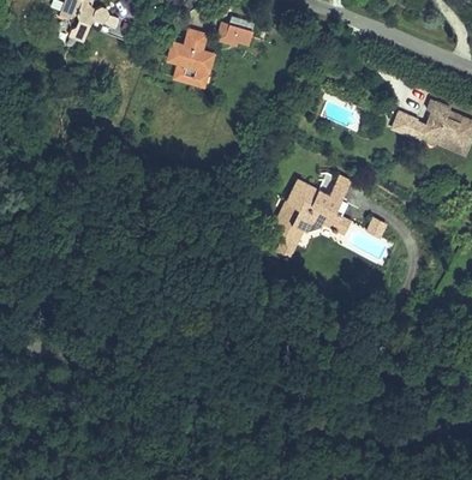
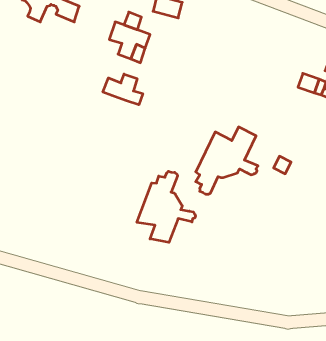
building: none -> [103,74,143,105]
building: none -> [137,171,195,242]

